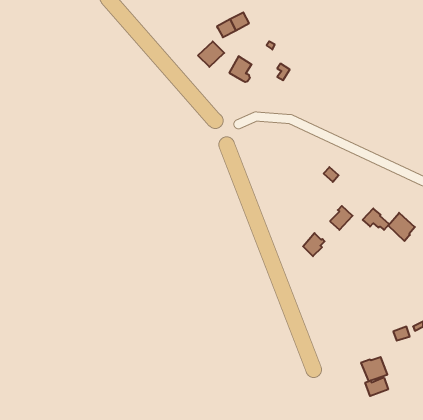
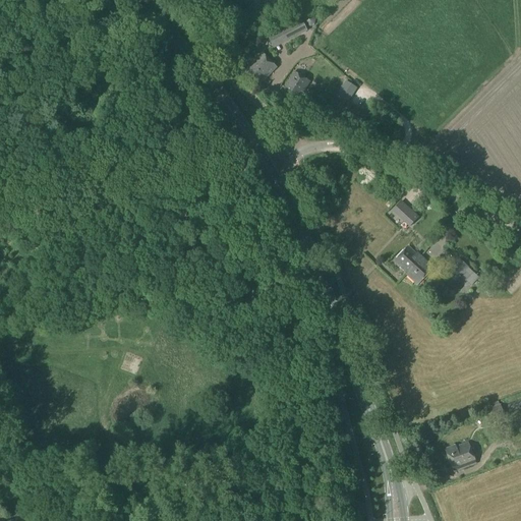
building: [388,213,415,241] -> none
building: [303,233,325,256] -> [394,243,420,272]
building: [365,378,388,396] -> none

